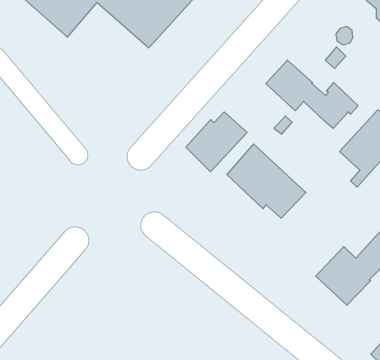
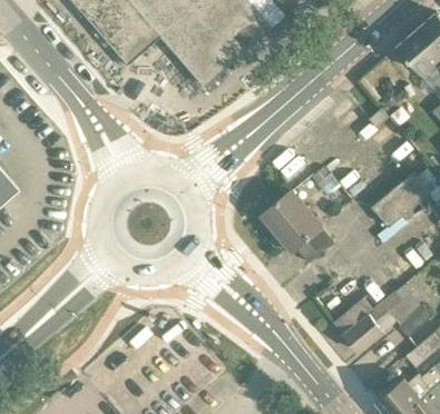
building: [266,60,358,129] -> none
building: [186,112,247,172] -> none

